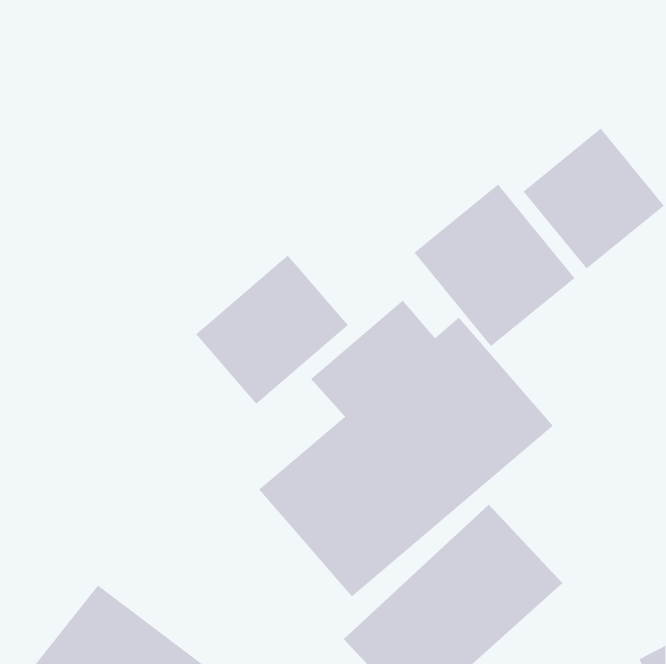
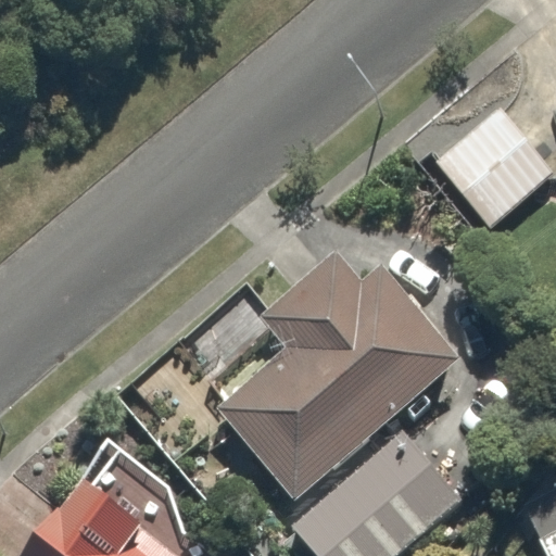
building: [413,183,576,347] -> none
building: [195,254,349,405] -> none

